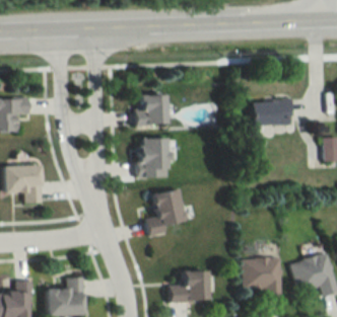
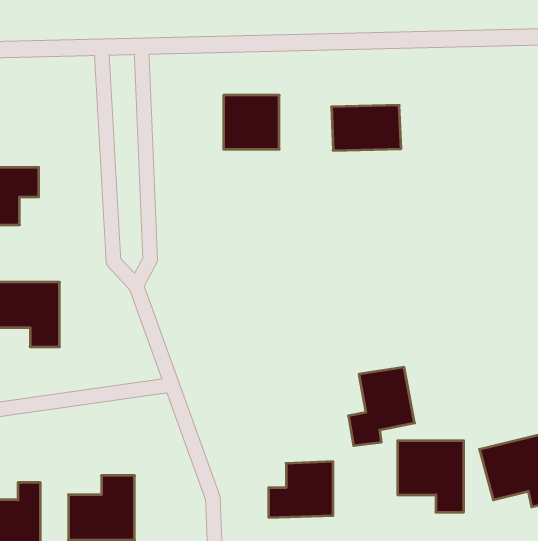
building: [138,94,171,126] -> [224,95,279,149]
building: [255,99,295,126] -> [331,105,401,150]
building: [140,138,172,176] -> none
building: [149,189,188,235] -> [348,367,415,446]

